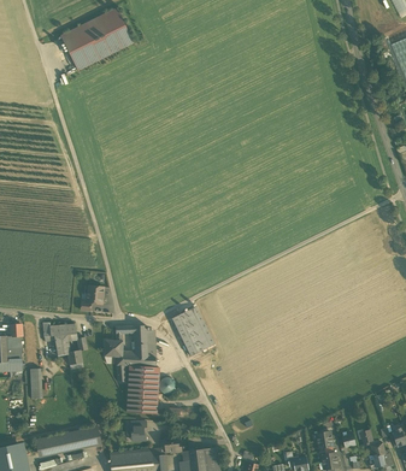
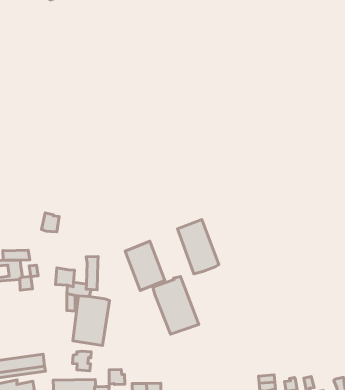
building: none -> [178,220,219,274]
building: none -> [153,276,199,334]

